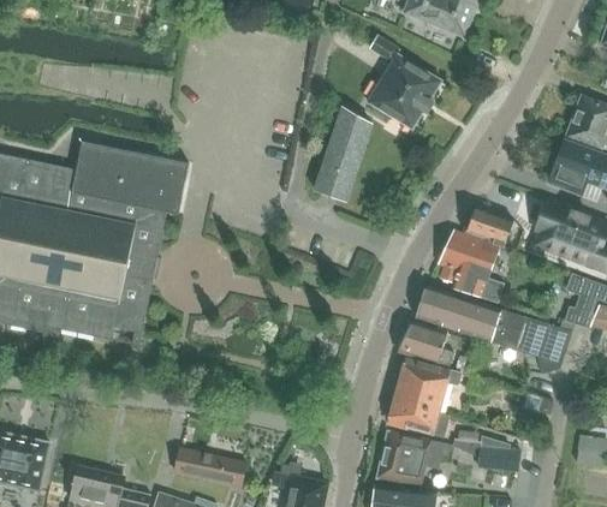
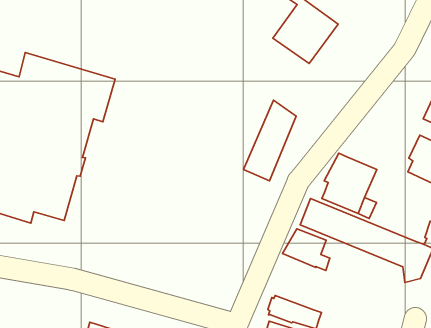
building: [314,107,370,201] -> [243,100,296,181]
building: [463,207,512,246] -> none
building: [392,358,459,413] -> none

